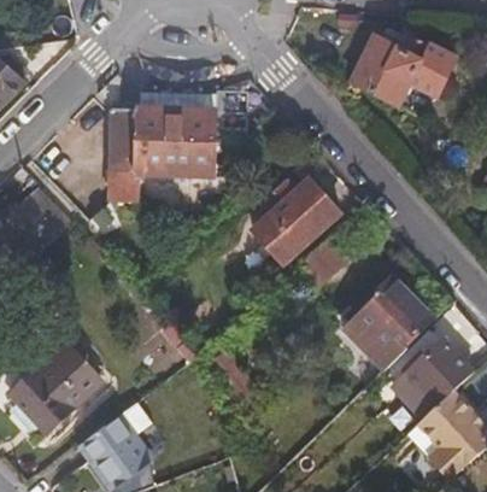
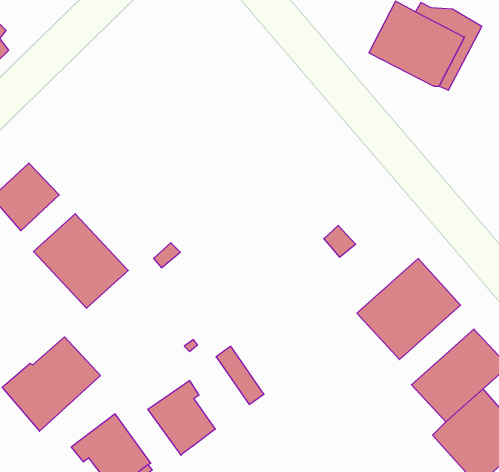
building: [110,90,215,200] -> none
building: [253,178,341,263] -> none
building: none -> [34,214,128,308]
building: none -> [148,380,215,455]

